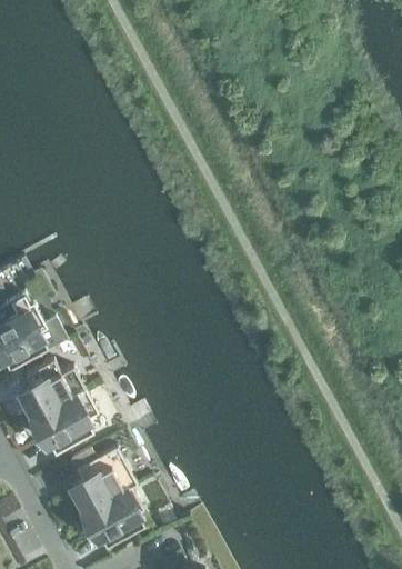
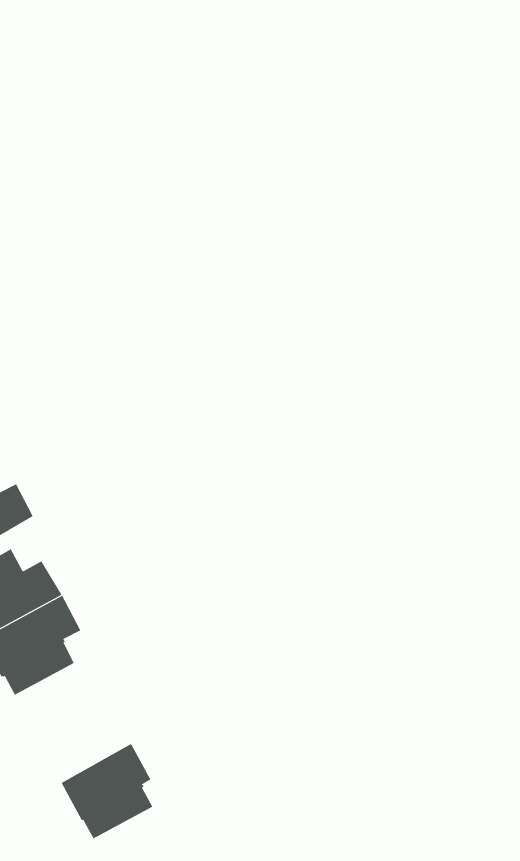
building: [67,450,132,516] -> none

